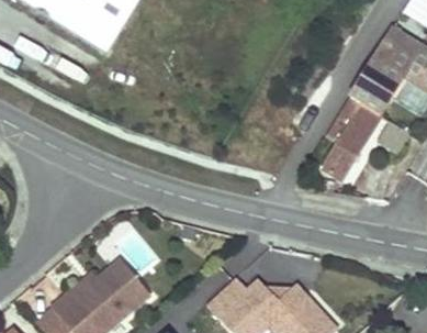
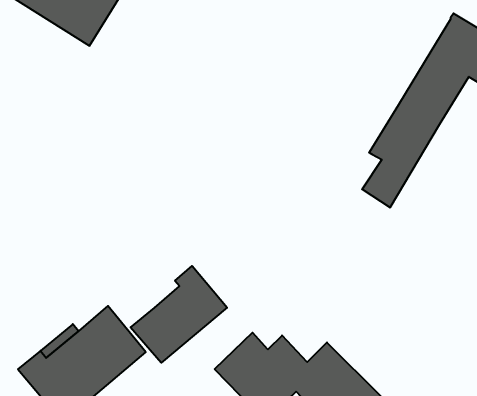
building: none -> [131,266,227,363]

